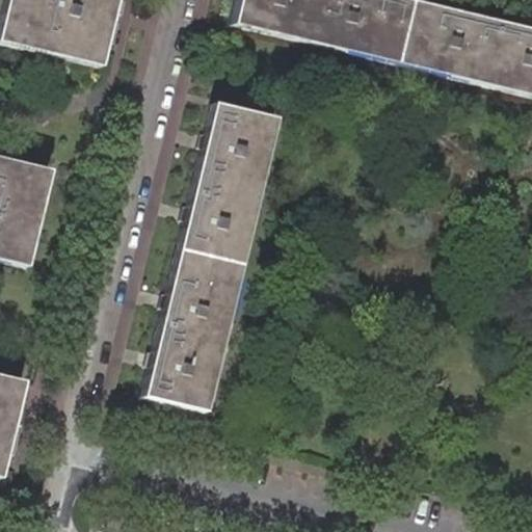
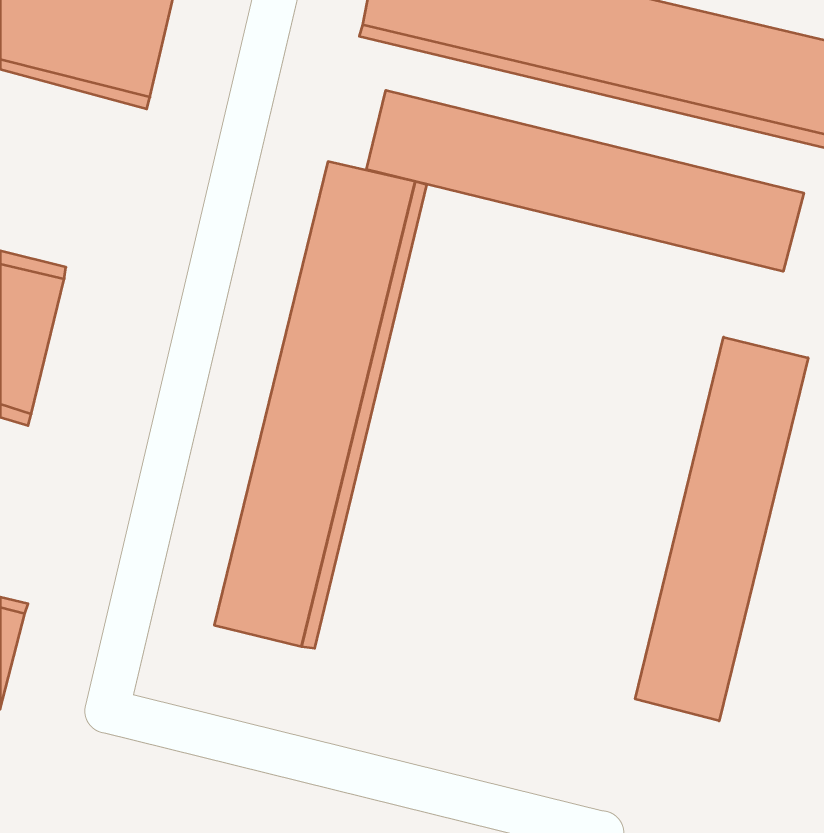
building: none -> [367,90,804,271]
building: none -> [635,337,808,721]

